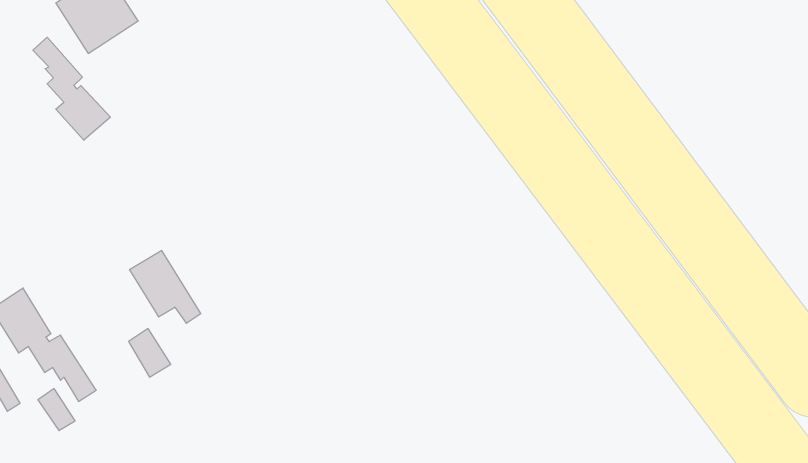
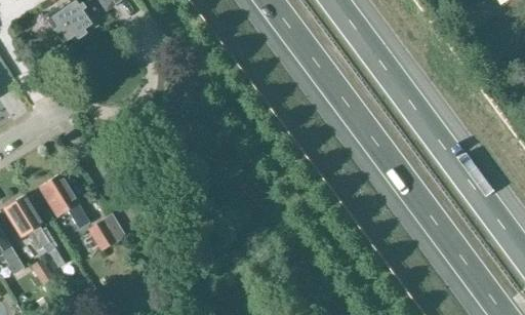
building: [33,37,110,140] -> none
building: [129,250,201,323] -> [37,172,82,219]

